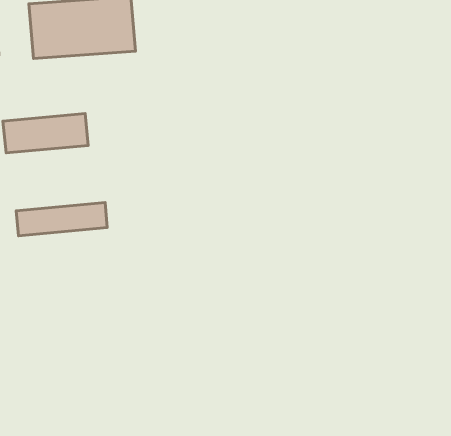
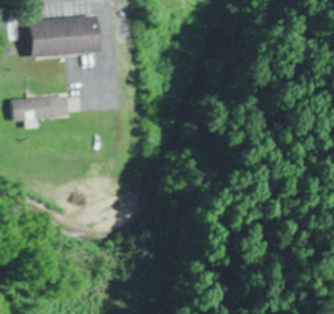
building: [16,203,107,236] -> none

